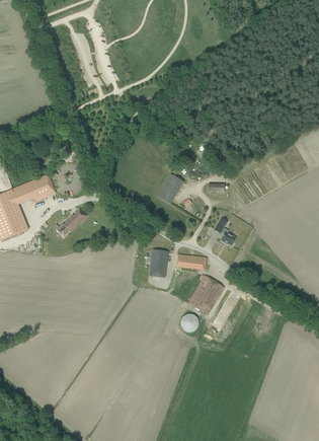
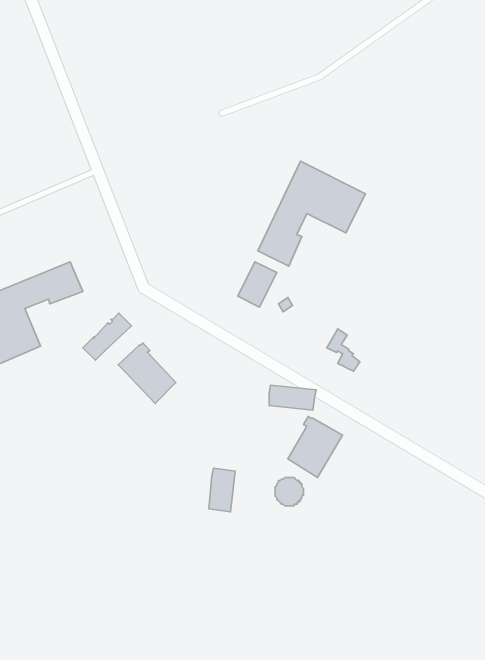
building: none -> [258,161,366,266]
building: none -> [118,343,176,403]
building: [150,249,167,278] -> [209,468,235,512]

